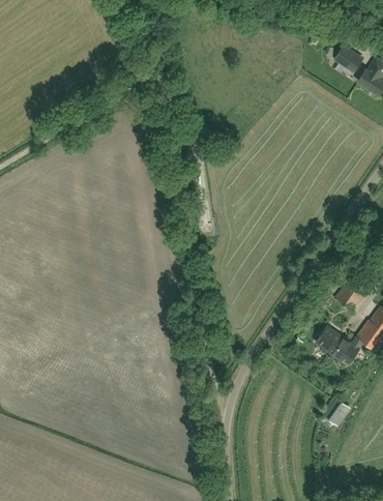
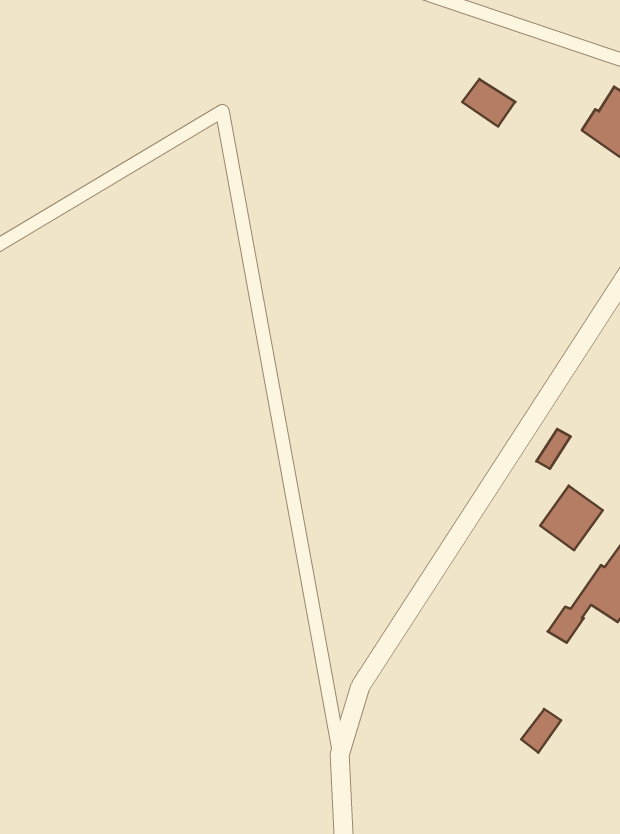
building: [334,47,363,72] -> [462,79,515,126]
building: [319,327,349,357] -> none

